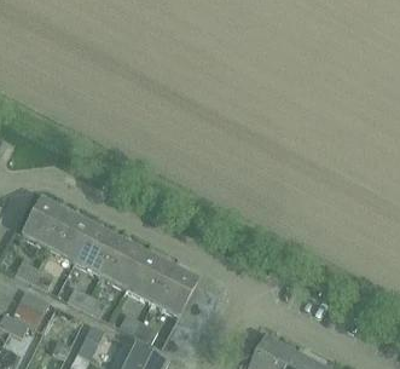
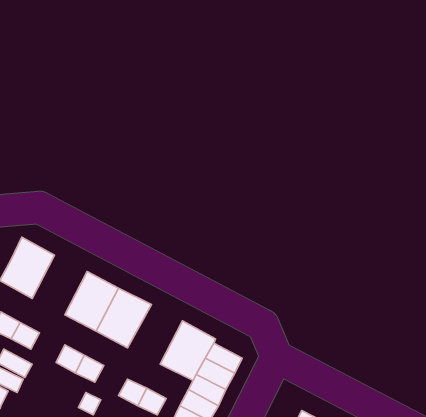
building: [47,211,92,259] -> none
building: [124,250,169,299] -> none

